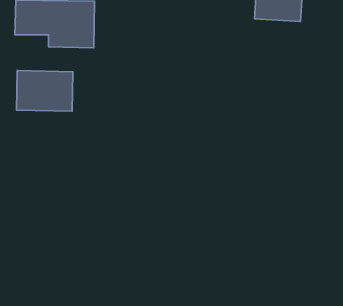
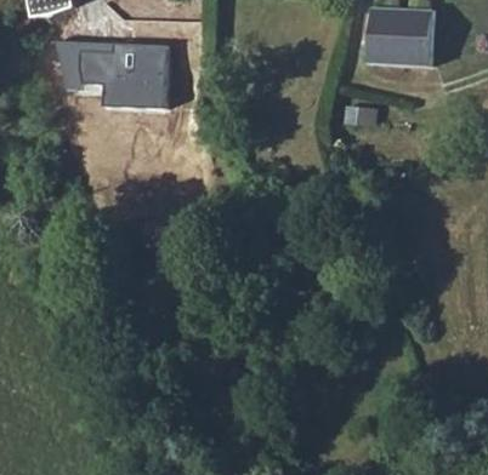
building: [16,71,73,111] -> none

